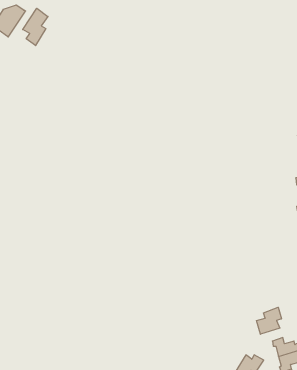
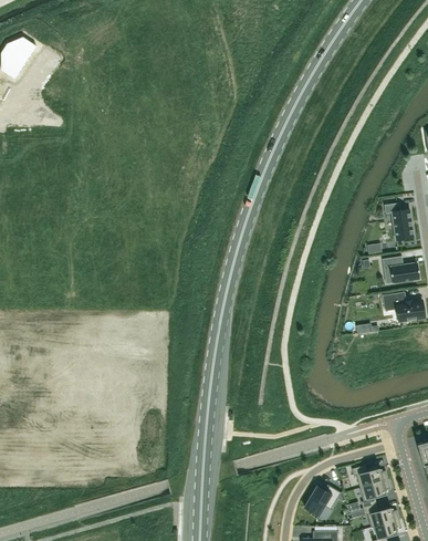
building: [23,8,48,46] -> none
building: [257,307,281,334] -> none

